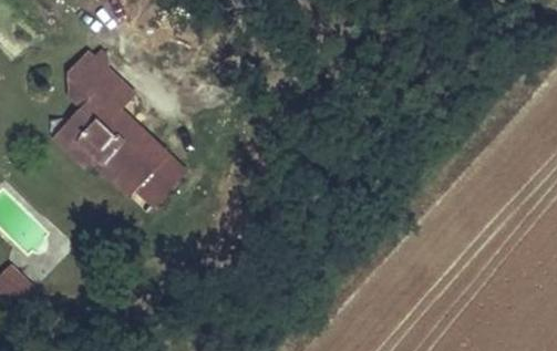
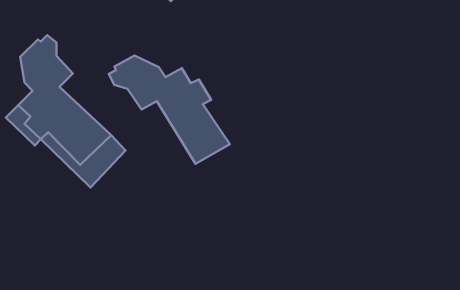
building: none -> [109,55,230,164]

